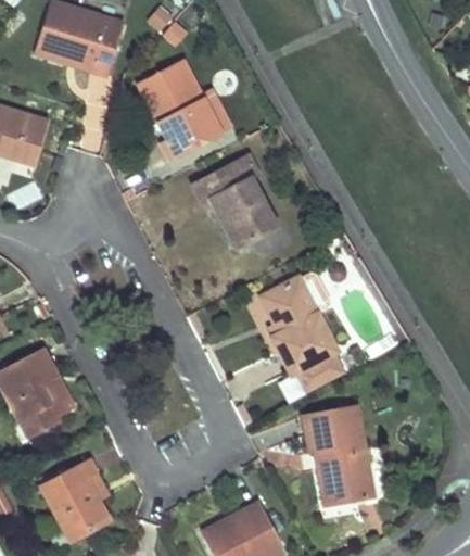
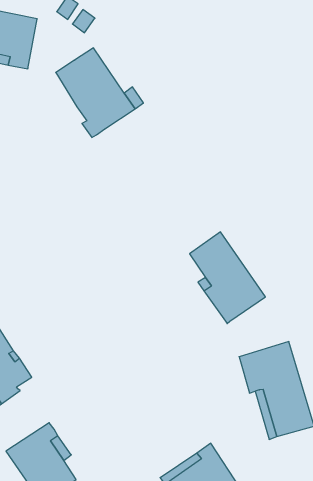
building: [206,153,292,254] -> none
building: [294,351,345,392] -> none

